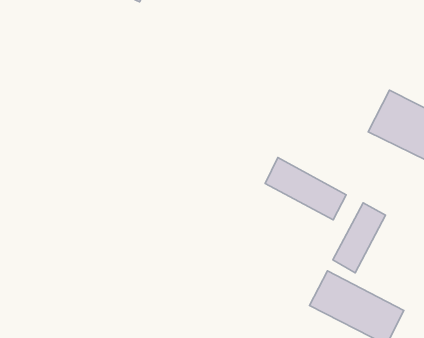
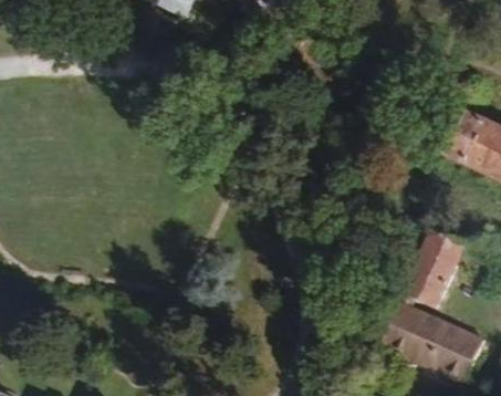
building: [265,157,346,220] -> none

